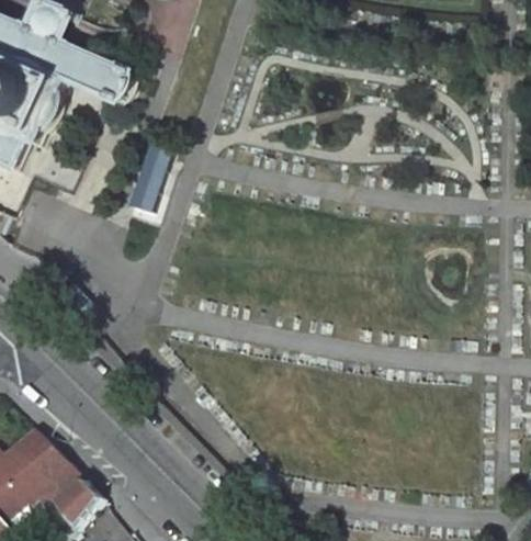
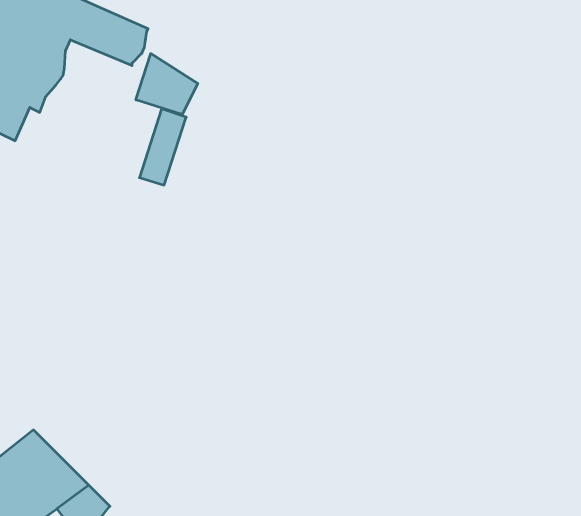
building: none -> [136,54,198,114]

